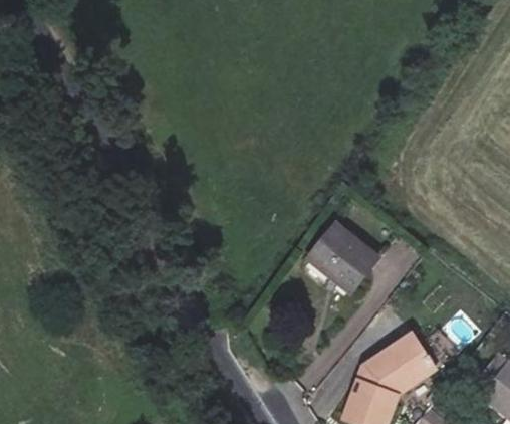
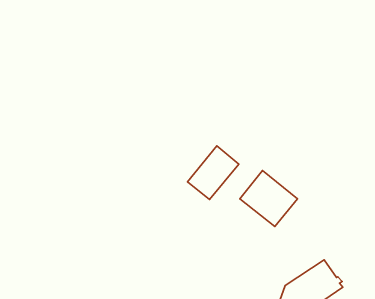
building: none -> [188,146,239,199]

